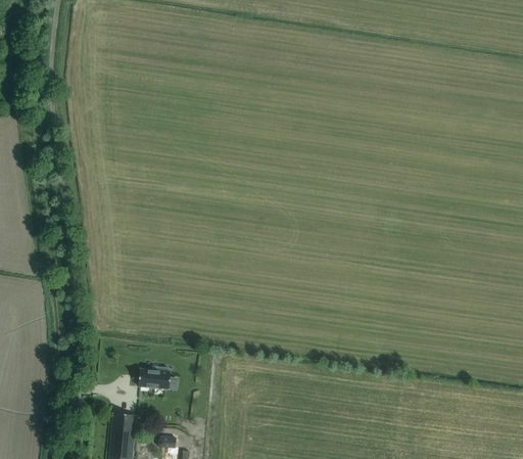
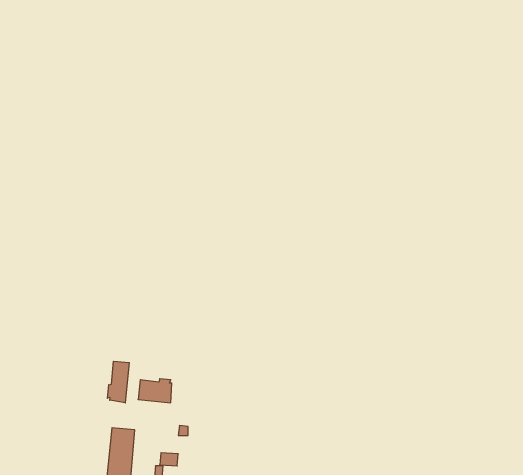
building: none -> [107,361,129,403]

